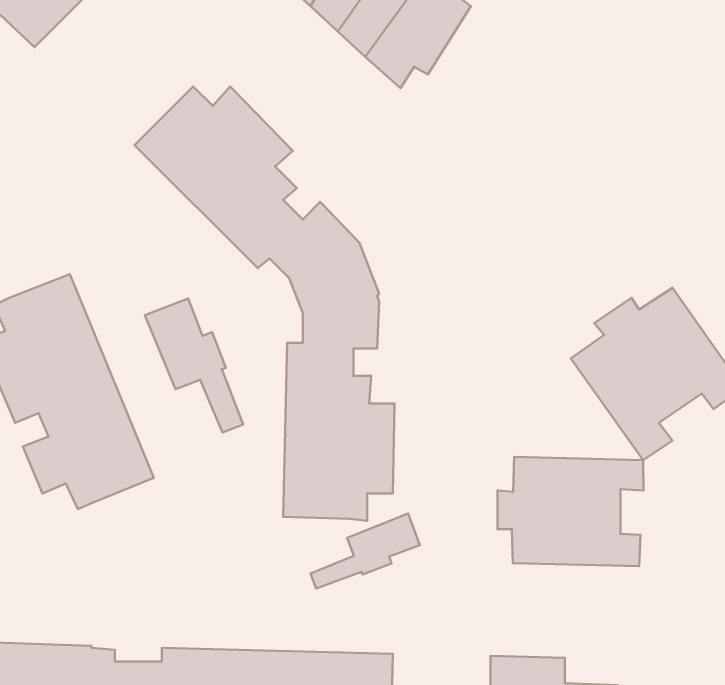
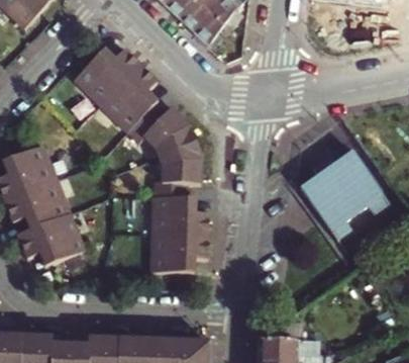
building: [145,298,243,432] -> none
building: [497,457,643,566] -> none
building: [311,513,420,589] -> none

